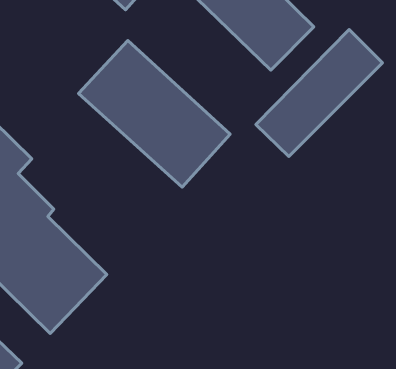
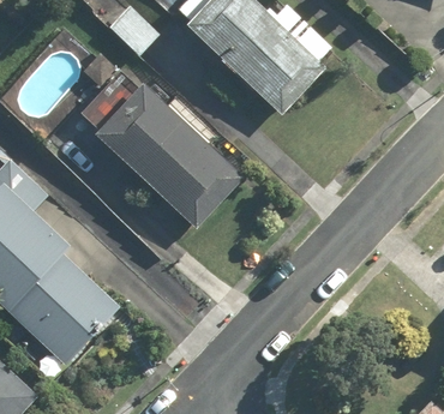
building: [256,30,382,157] -> none

